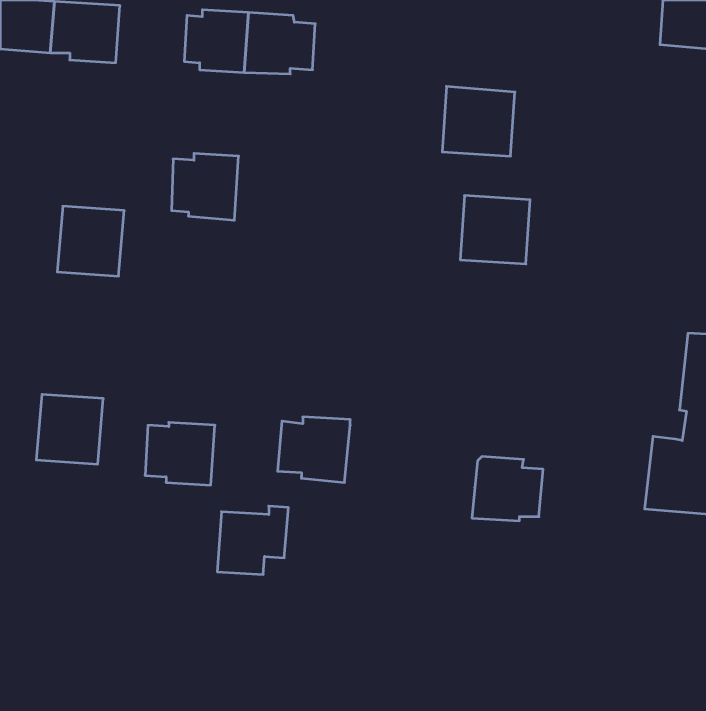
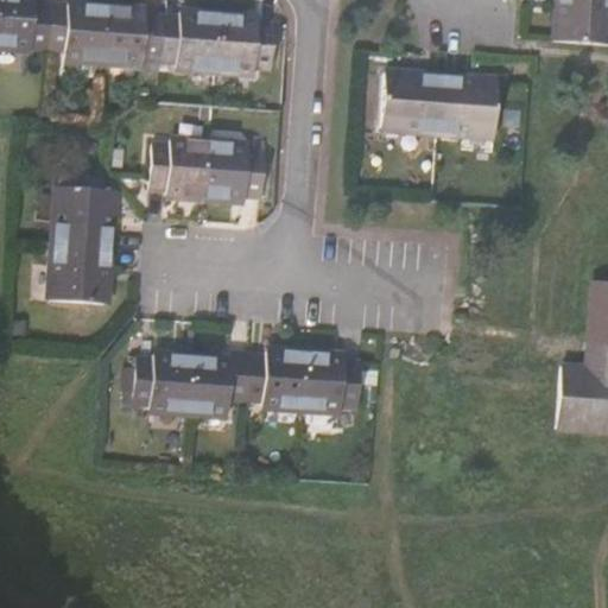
building: none -> [104,6,165,57]
building: none -> [205,134,264,191]
building: [460,196,530,264] -> [441,80,500,138]
building: [36,394,103,464] -> [50,233,107,292]
building: [472,457,543,521] -> [299,360,360,414]
building: [217,506,288,574] -> [185,359,246,417]

